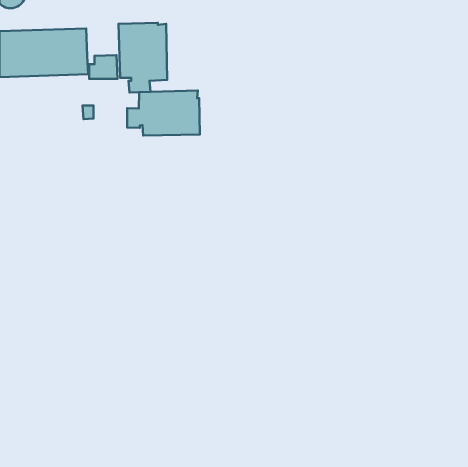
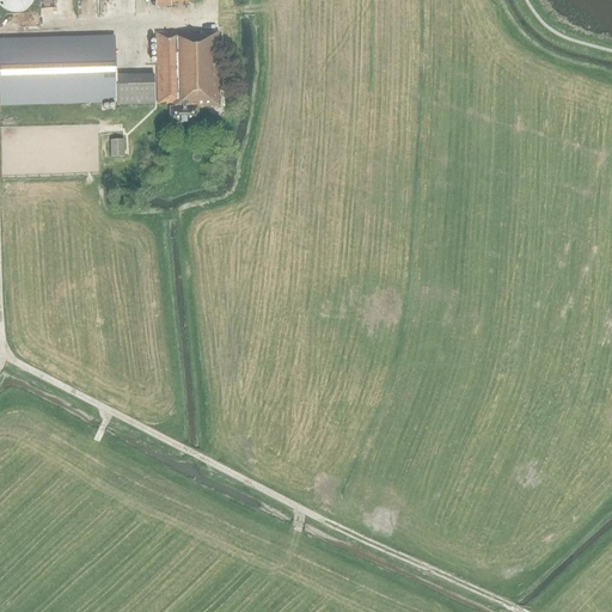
building: [127,91,200,135] -> none

